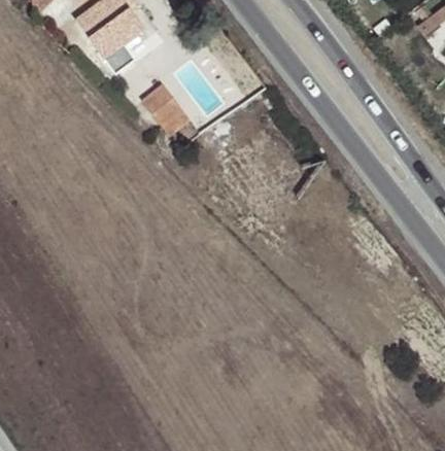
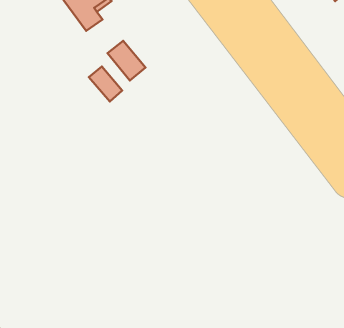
building: none -> [89,66,122,102]

